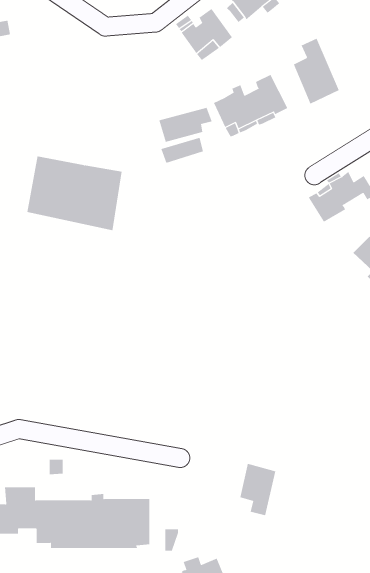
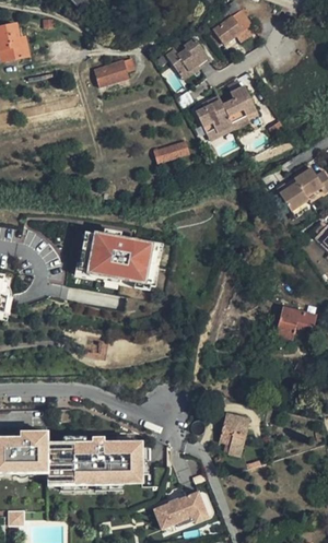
building: [293,38,339,104] -> none
building: [159,107,212,143] -> [91,57,136,86]
building: [26,156,122,231] -> [82,228,162,291]
building: none -> [278,306,319,339]

